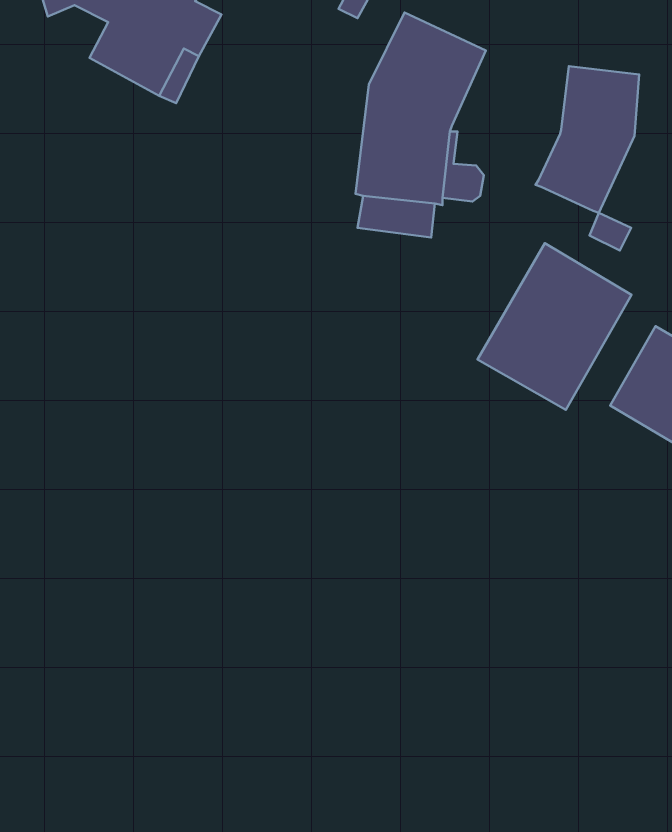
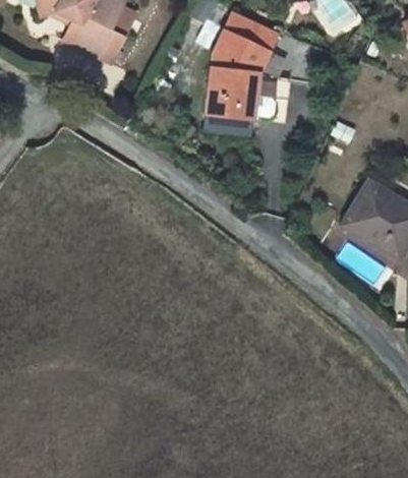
building: [535,66,639,213] -> none
building: [477,243,632,410] -> none

